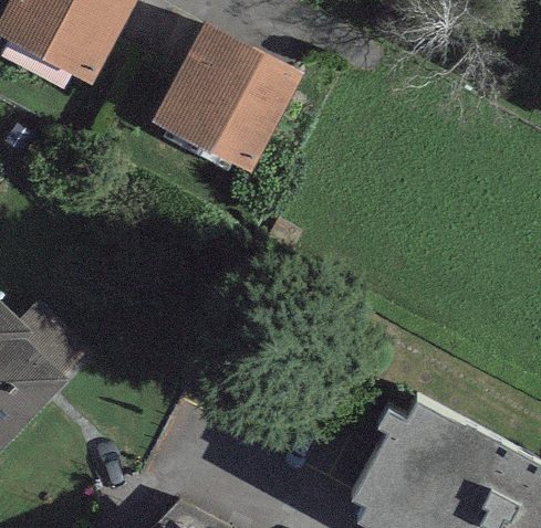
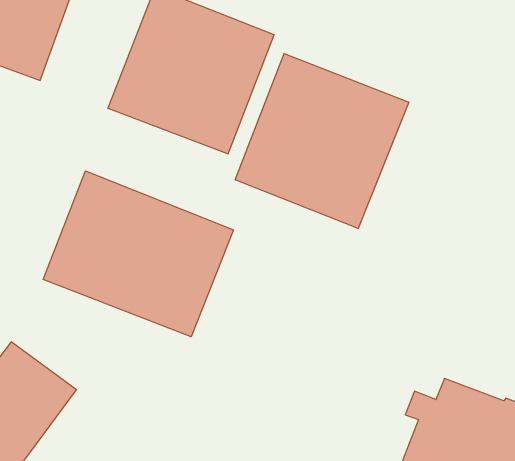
building: none -> [235,53,409,229]
building: none -> [43,171,234,337]

